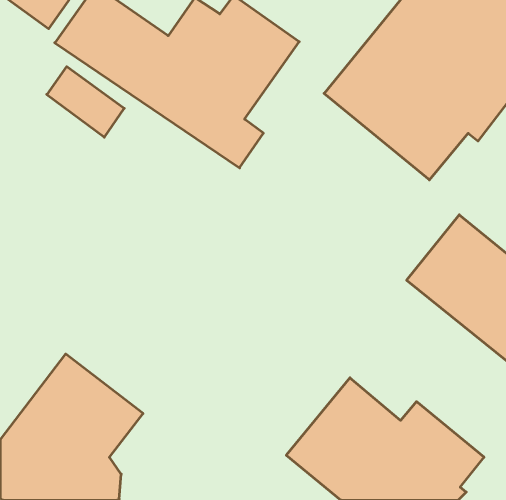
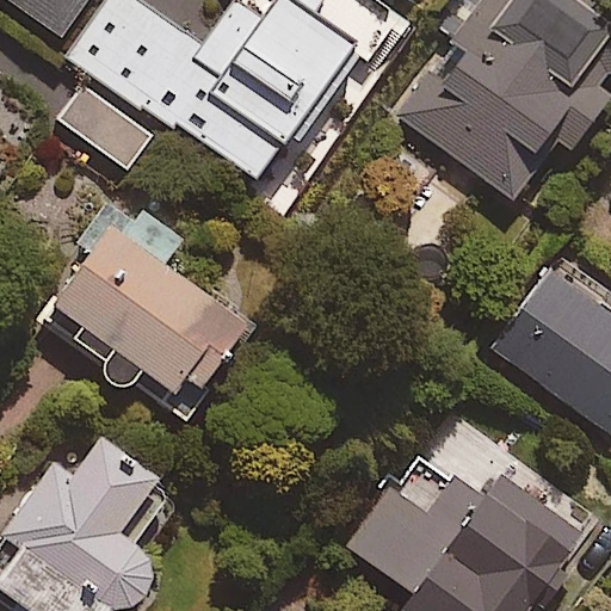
building: none -> [48,199,248,419]

